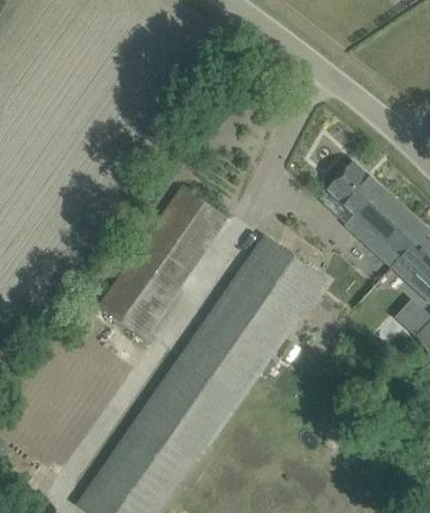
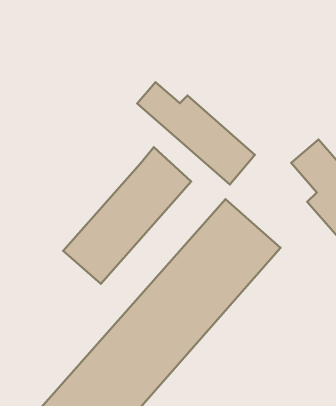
building: none -> [137,82,255,184]

